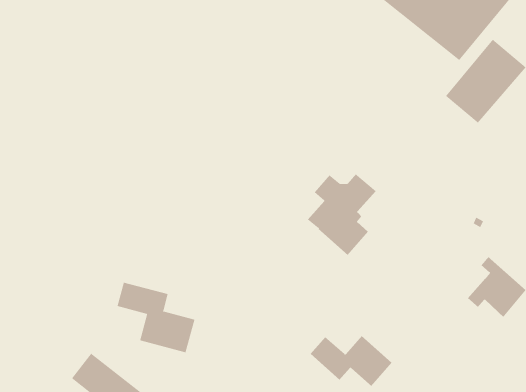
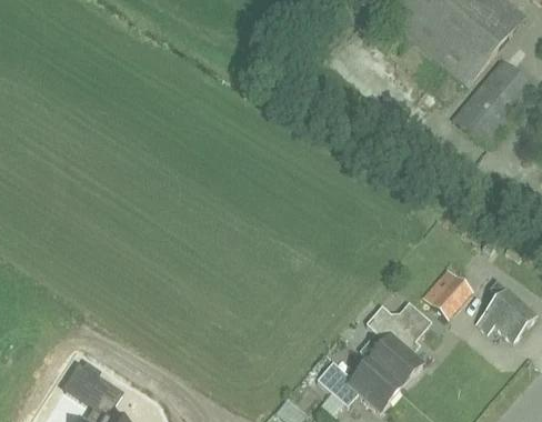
building: [307,174,377,256] -> [358,302,428,385]
building: none -> [421,265,470,314]
building: [117,282,195,353] -> none

